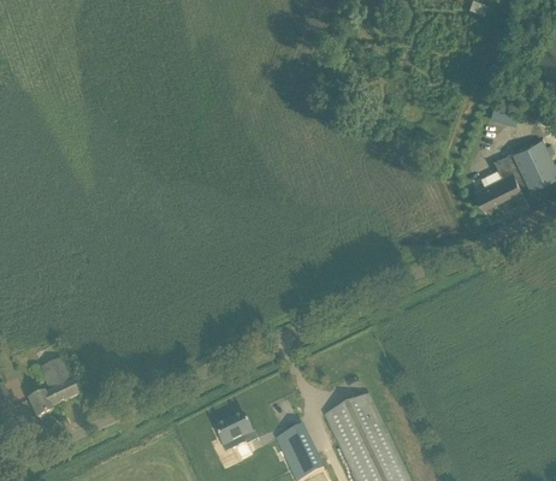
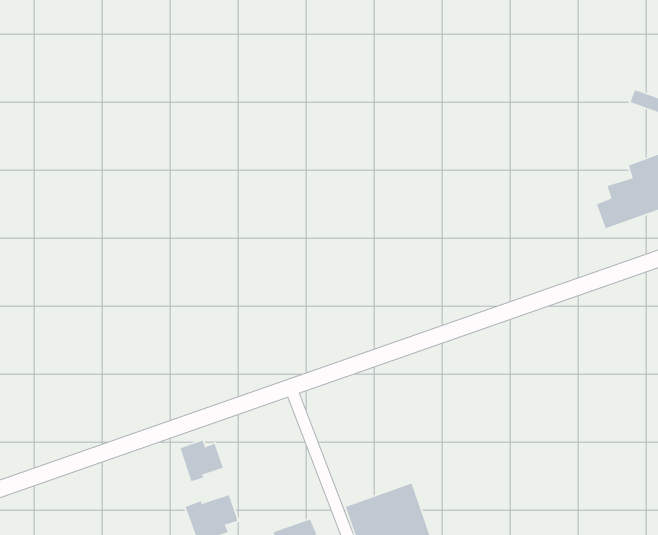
building: none -> [180,440,224,482]

